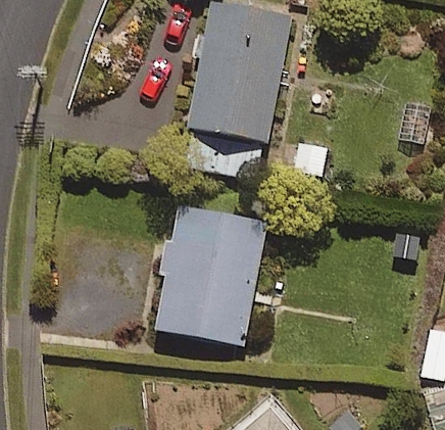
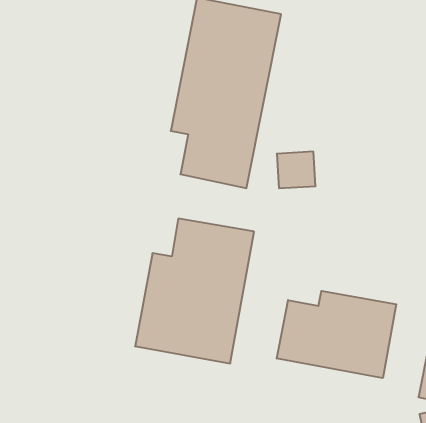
building: none -> [277,291,396,378]

